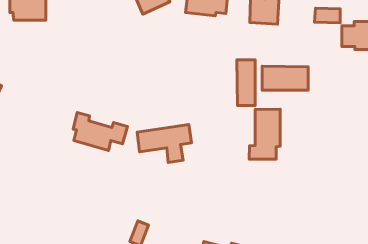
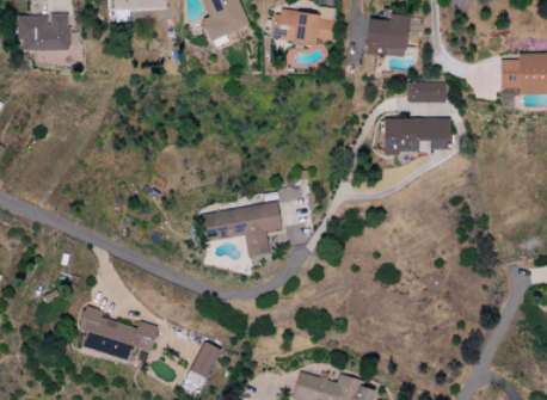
building: [315,8,340,23] -> [407,81,444,103]
building: [237,60,255,106] -> none
building: [249,109,280,159] -> none
building: [73,113,127,150] -> [79,306,158,361]

